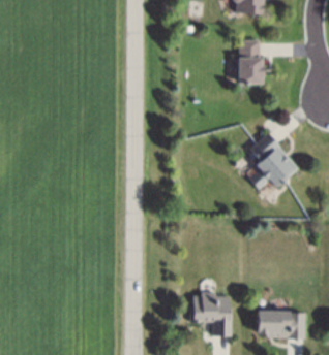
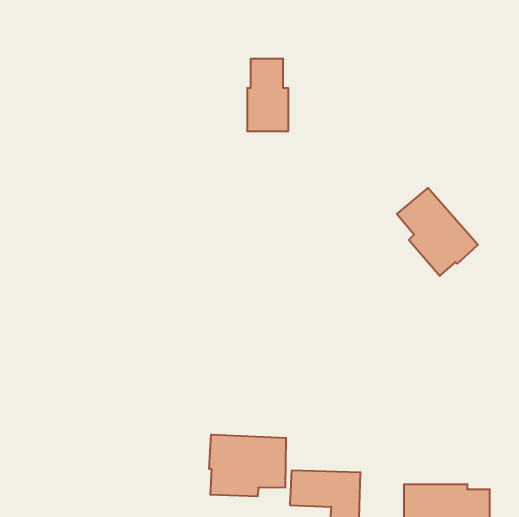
building: [238,40,263,84] -> [247,59,288,131]
building: none -> [209,434,286,496]

